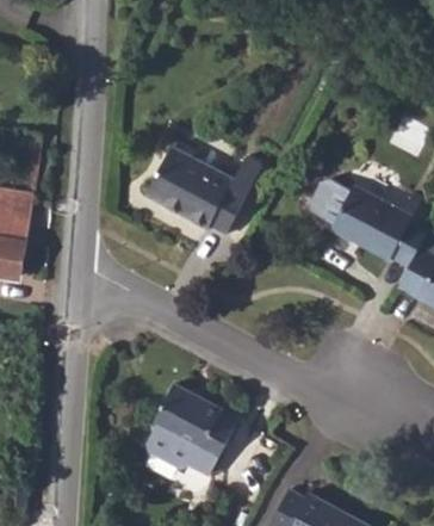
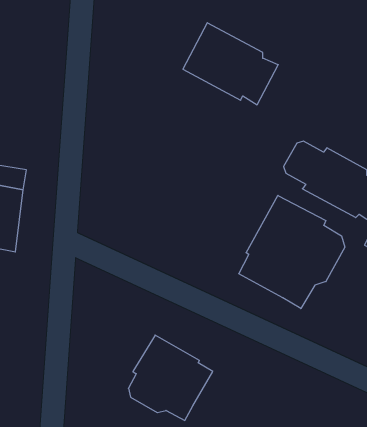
building: [147,146,249,234] -> [183,23,278,105]
building: none -> [239,195,345,309]

